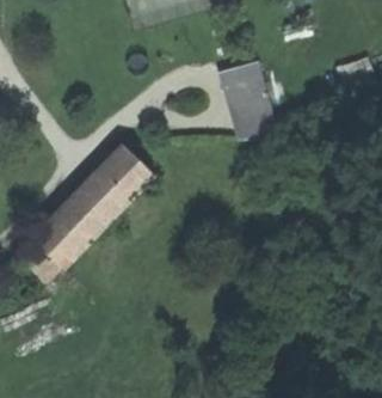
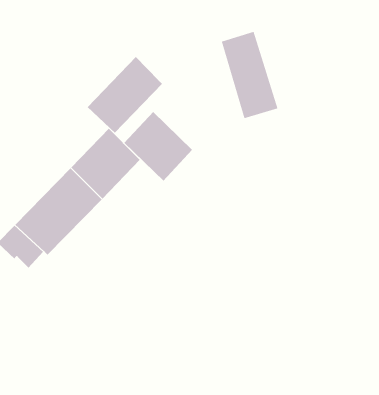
building: none -> [87,56,163,134]
building: none -> [124,111,193,181]

